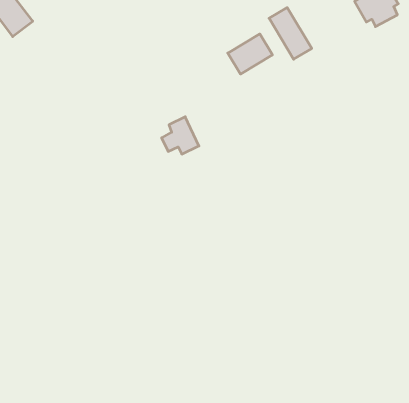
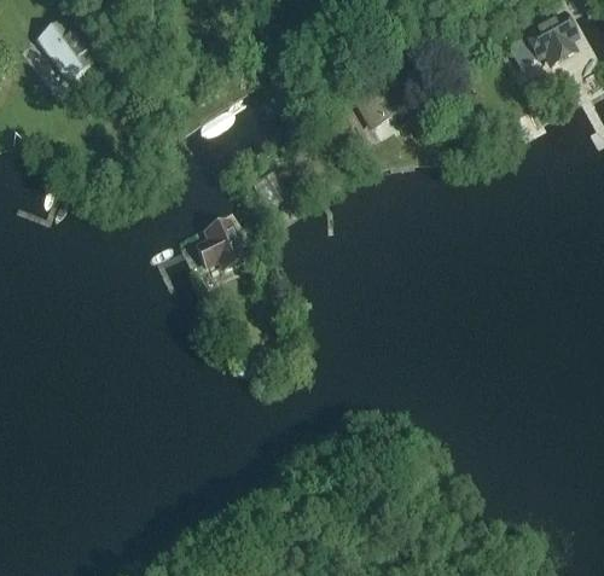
building: [269,8,312,59] -> none
building: [162,117,199,154] -> [193,219,243,268]

